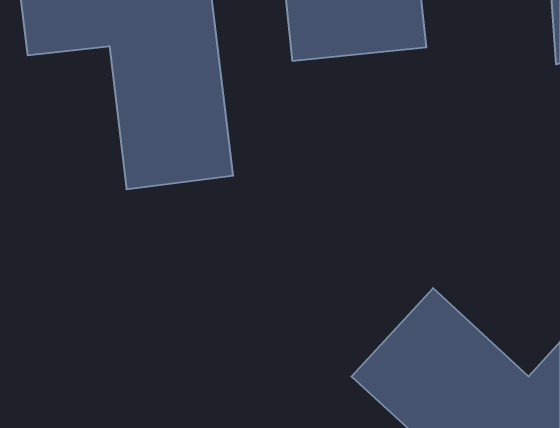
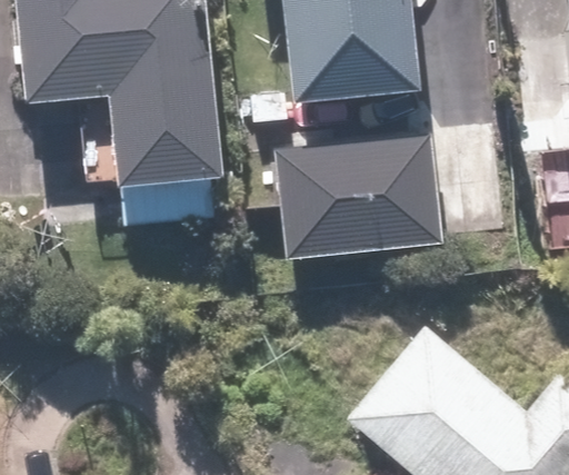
building: none -> [257,130,427,260]

